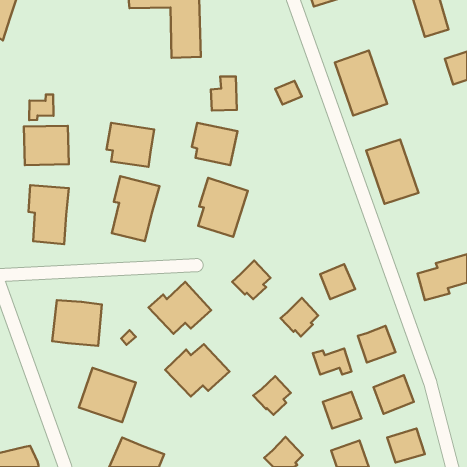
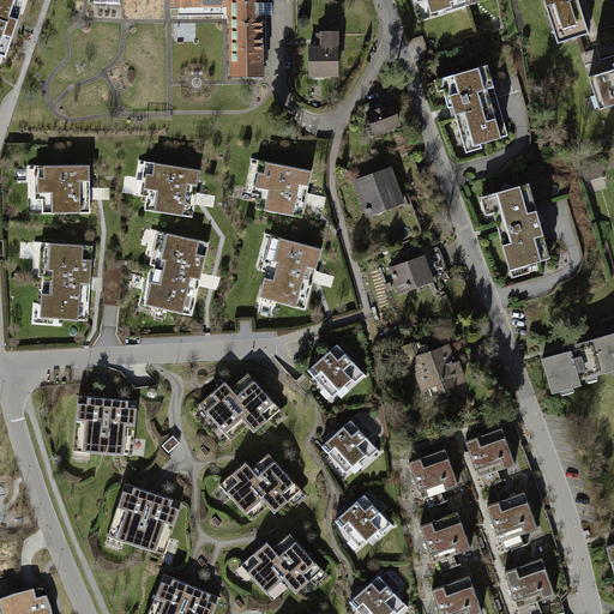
building: [211,77,237,111] -> [302,32,336,77]
building: [29,94,53,120] -> none
building: none -> [355,165,407,217]
building: none -> [391,255,438,295]
building: [281,298,318,336] -> [318,416,367,466]
building: none -> [237,529,320,598]

